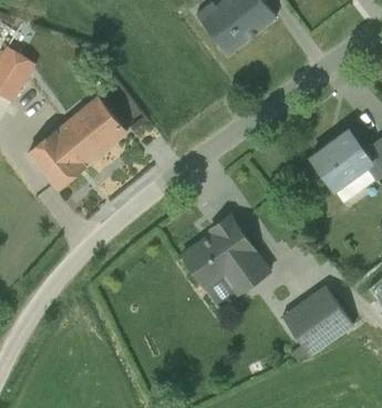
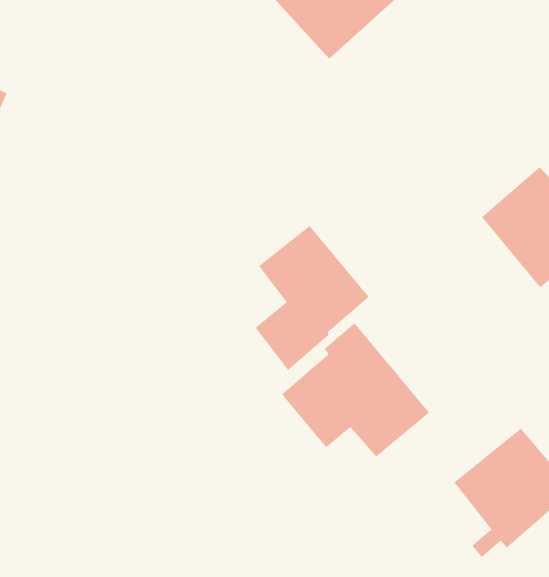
building: [28,96,126,188] -> none
building: none -> [255,225,370,371]

